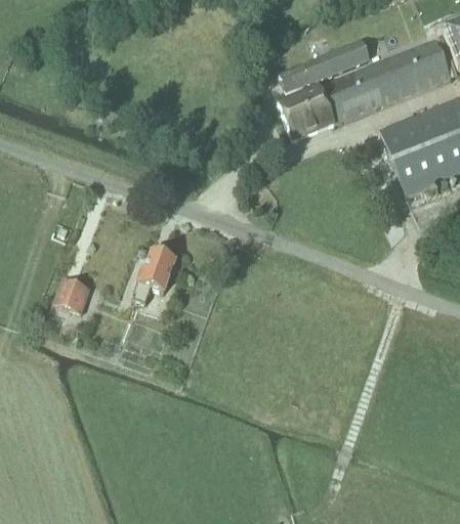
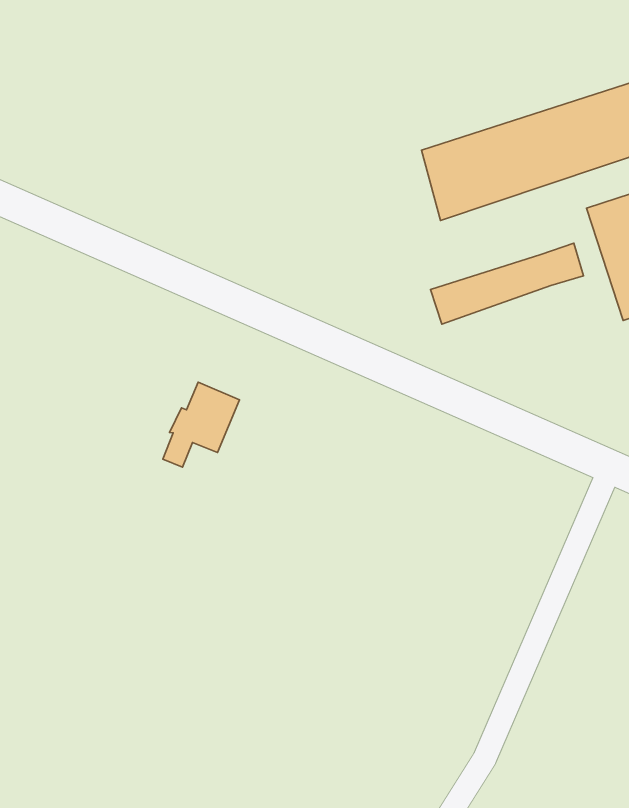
building: [279,39,371,93] -> [431,243,584,324]
building: [55,276,92,313] -> none

